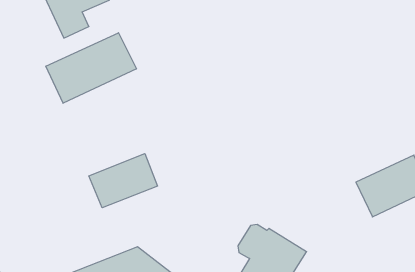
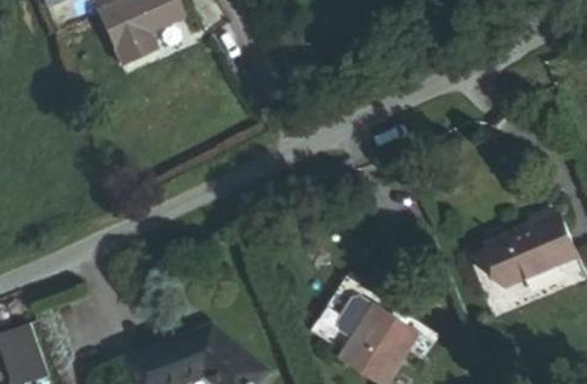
building: [46,33,136,103] -> none
building: [89,154,158,208] -> none

